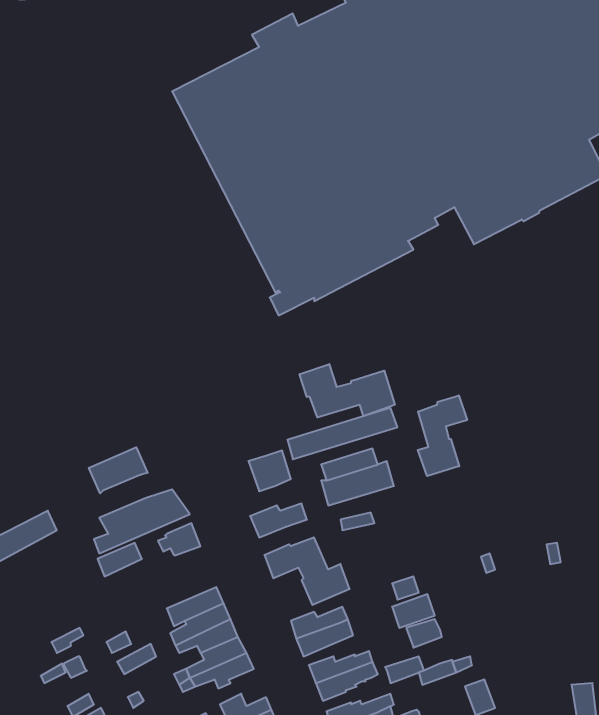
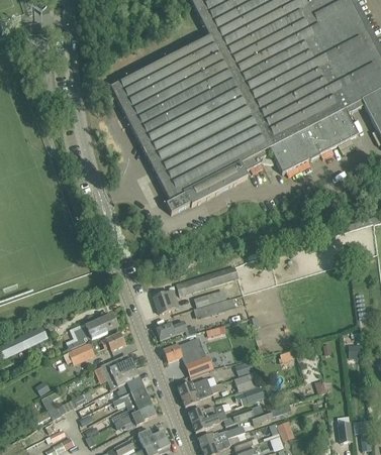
building: [300,364,395,417] -> none
building: [418,395,467,476] -> none
building: [89,447,148,493] -> none
building: none -> [100,356,135,379]

